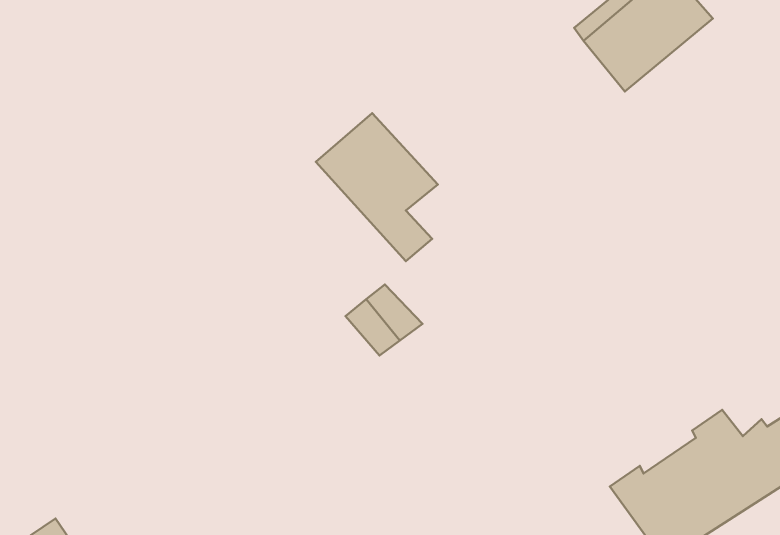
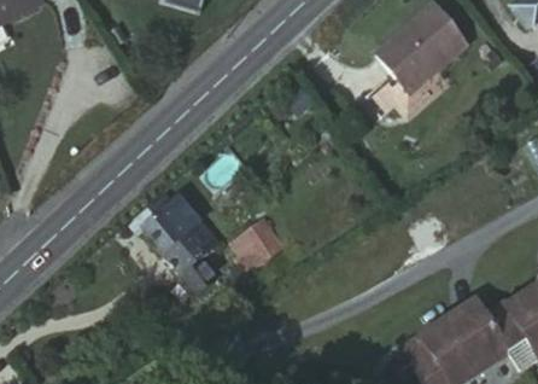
building: [316,113,438,261] -> [141,196,220,291]

